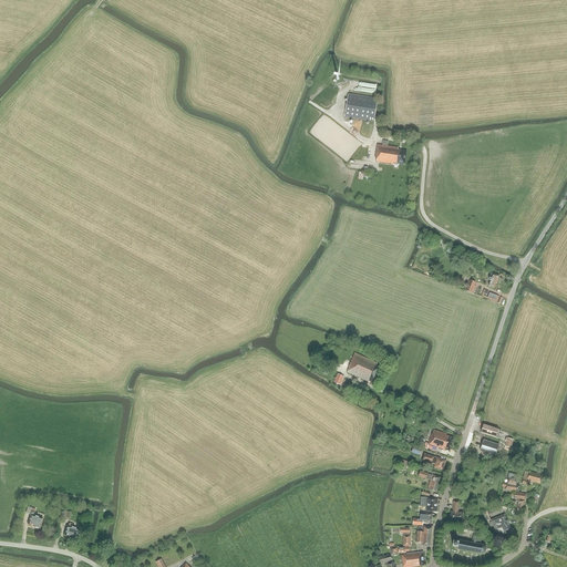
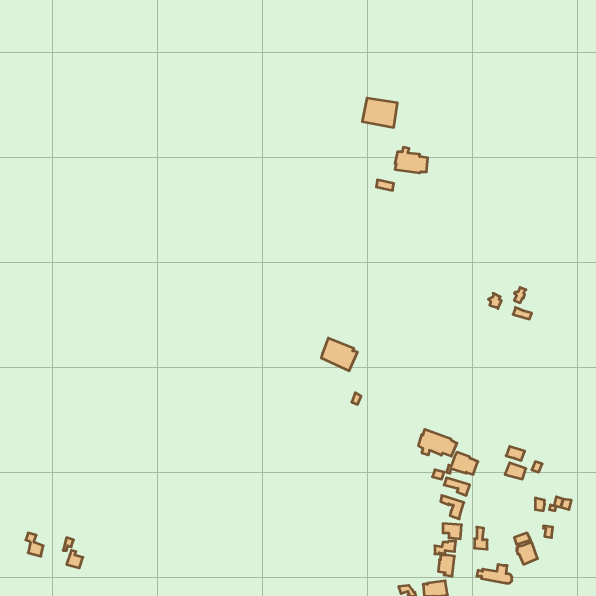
building: [347,352,381,383] -> [321,338,357,371]
building: none -> [419,429,457,456]

